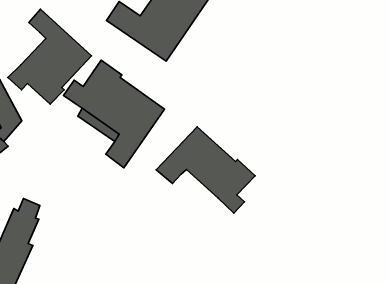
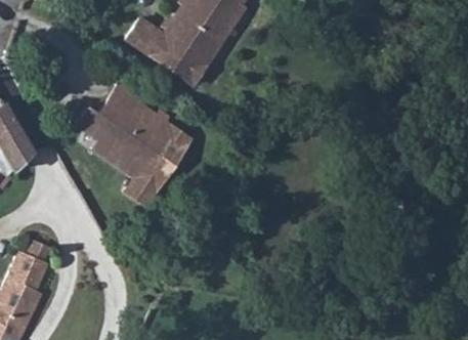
building: [8,9,92,104] -> none
building: [156,127,255,213] -> none

